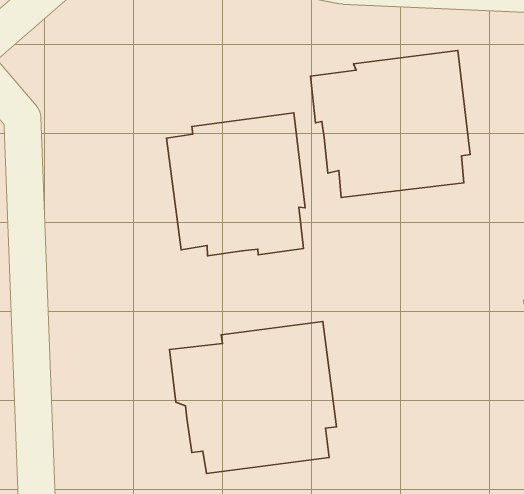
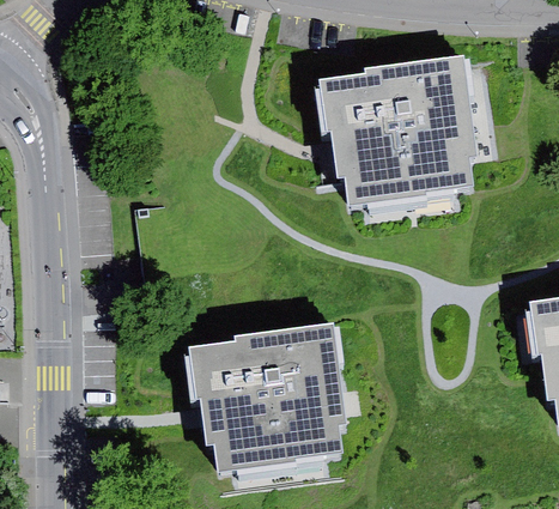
building: [167,113,305,256] -> none

